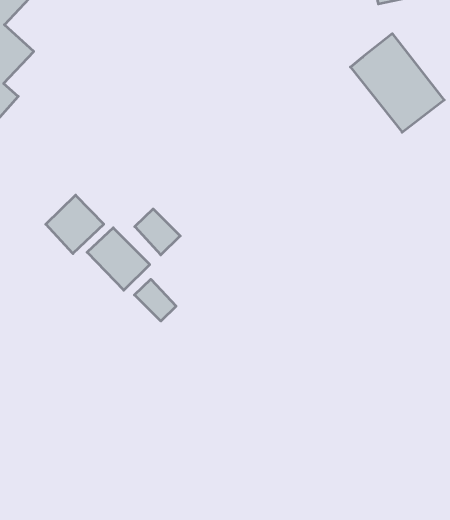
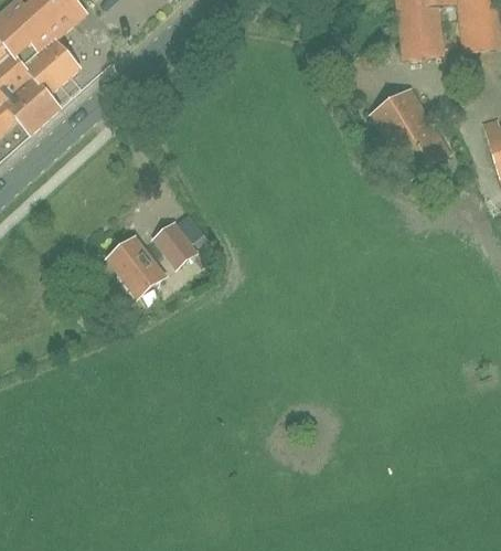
building: [46,195,104,254] -> none
building: [134,279,176,321] -> none

